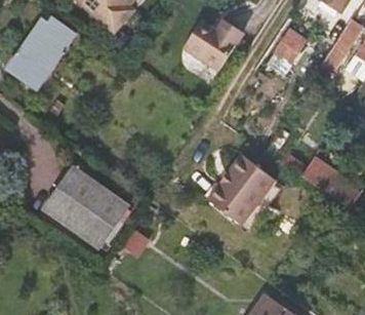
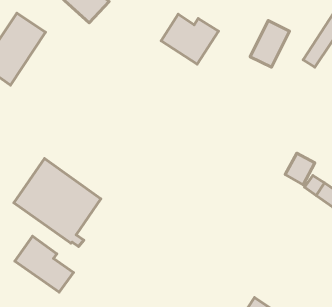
building: [204,160,277,231] -> none
building: none -> [15,236,73,292]

